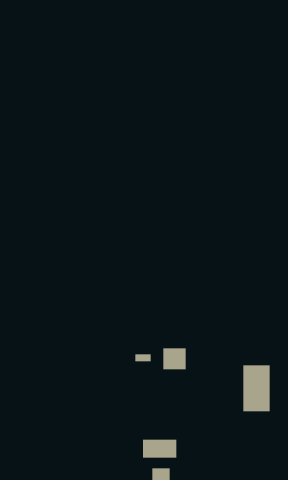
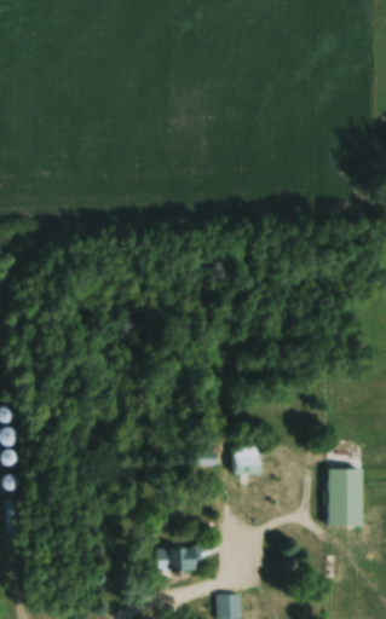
building: [142,439,177,458] -> [155,548,197,571]

